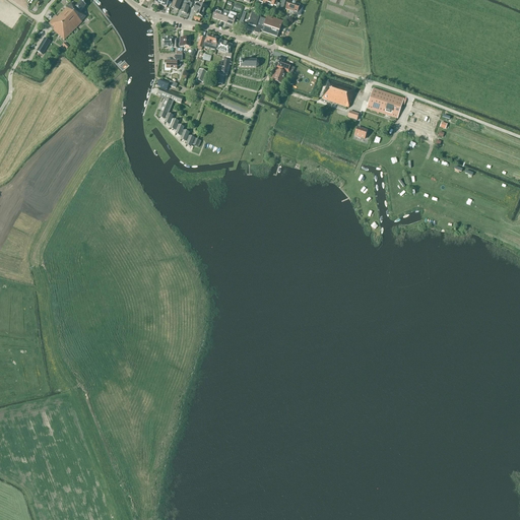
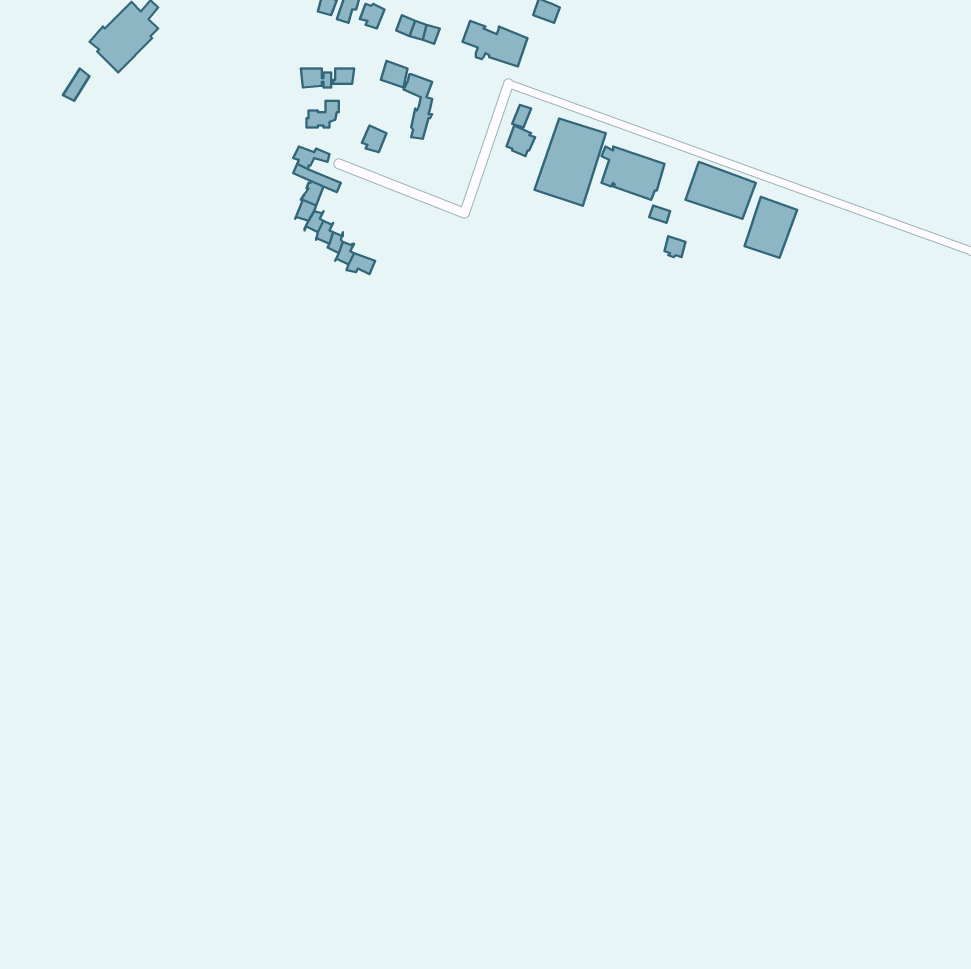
building: none -> [534,119,606,206]
building: none -> [744,197,797,258]

